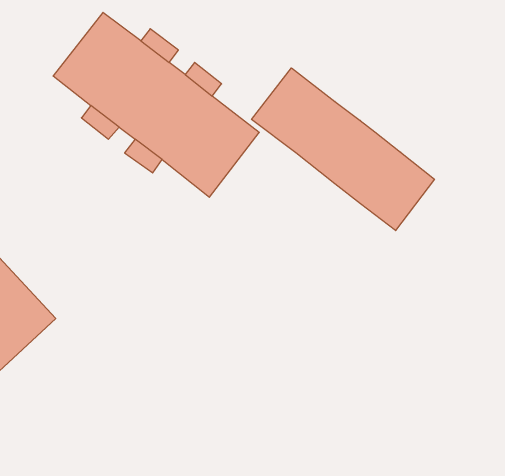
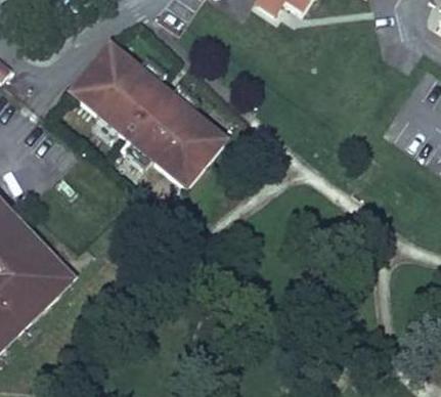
building: [252,68,434,231] -> none

